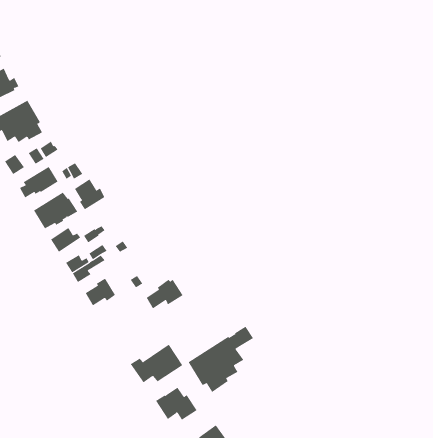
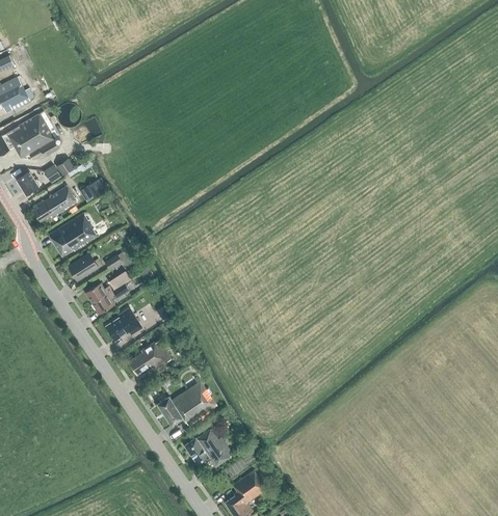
building: [74,178,105,210] -> none
building: [146,279,183,309] -> [129,341,171,374]
building: [188,326,254,393] -> none

